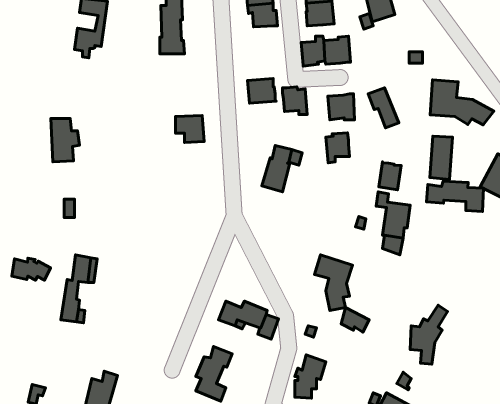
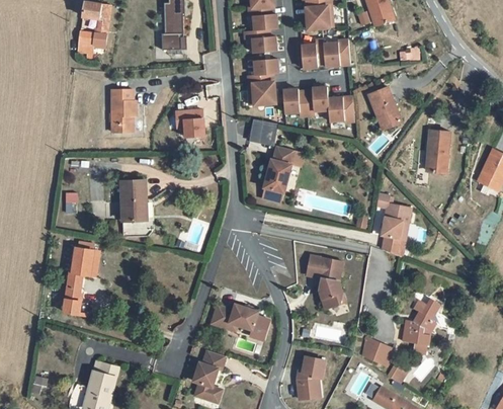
building: none -> [243,28,275,52]
building: none -> [246,58,277,82]
building: [430,80,494,125] -> none
building: none -> [249,118,273,141]
building: [51,119,80,162] -> [114,95,143,138]
building: [326,133,350,163] -> [304,86,327,115]
building: [379,162,401,190] -> none
building: none -> [121,179,144,222]
building: [427,181,483,212] -> none
building: [12,258,50,280] -> none
building: [341,307,369,332] -> [366,343,394,367]

